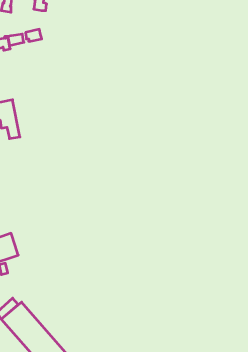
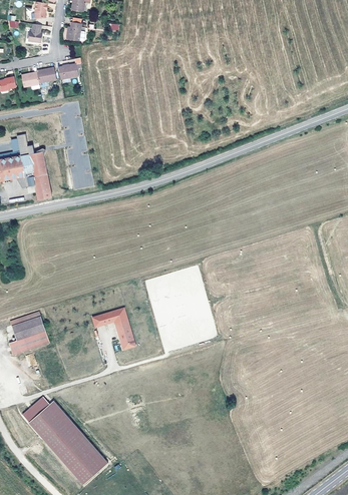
building: none -> [91,308,134,350]

